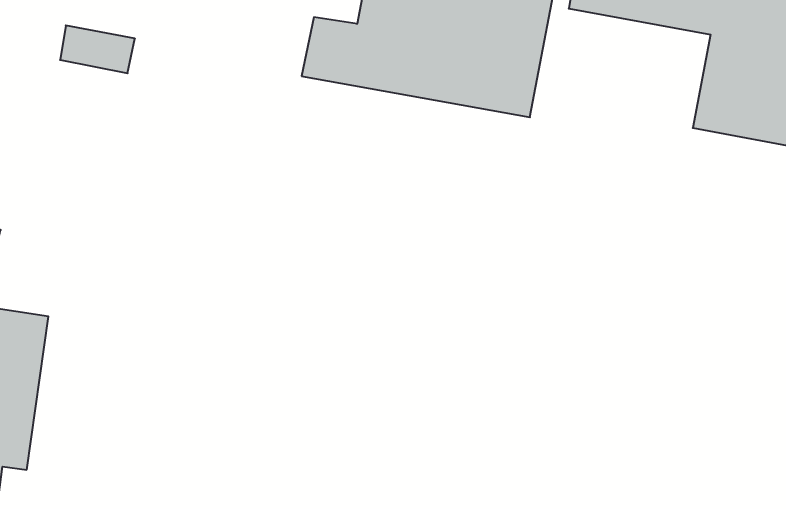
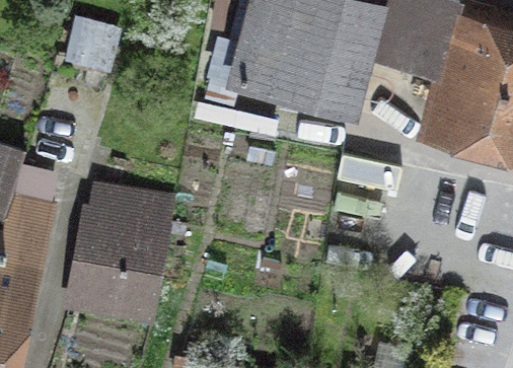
building: none -> [73,181,173,311]

